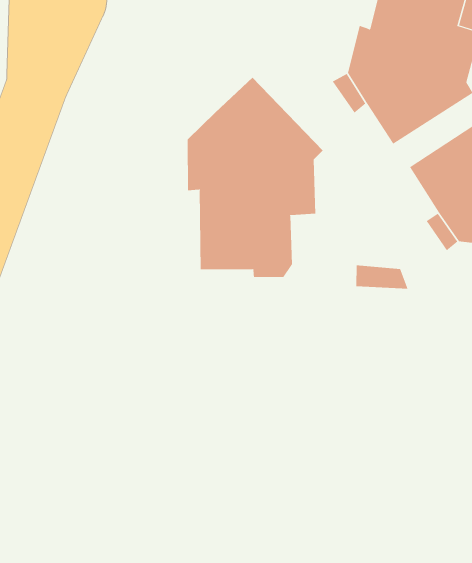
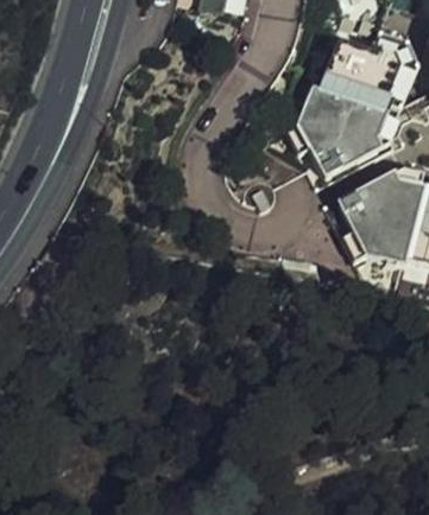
building: [187,77,324,278] -> none

